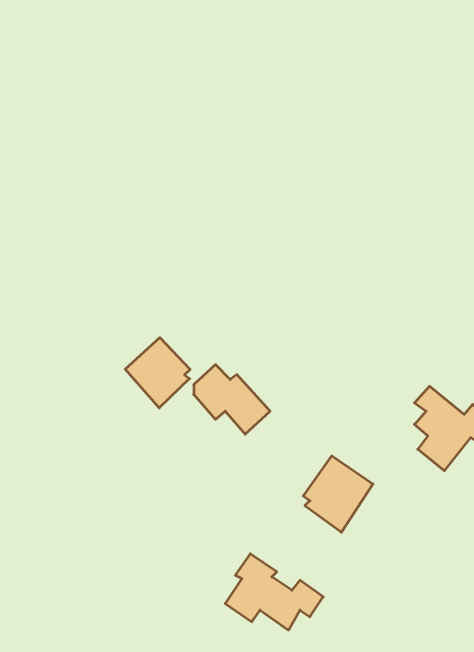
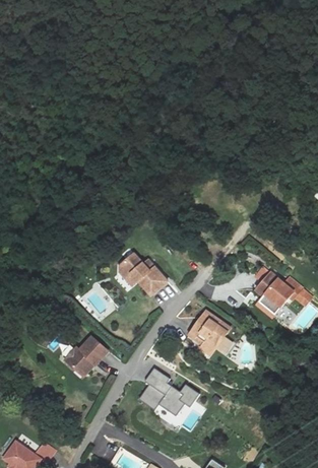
building: [125,338,190,408] -> none
building: none -> [65,337,107,377]

